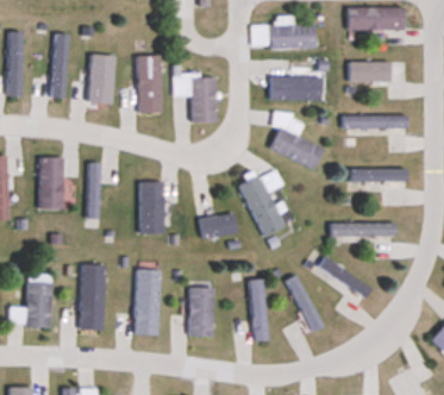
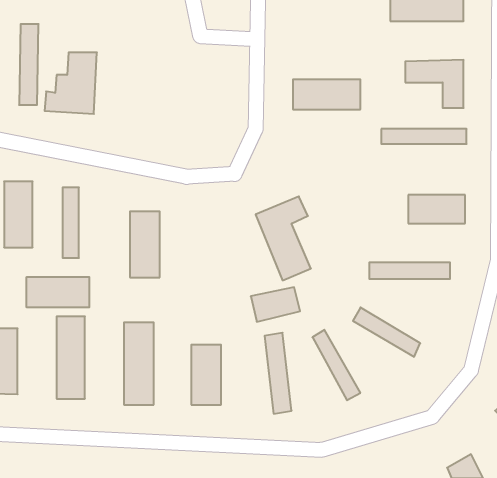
building: [270,24,314,49] -> none
building: [138,56,161,114] -> none
building: [175,76,217,123] -> none
building: [269,111,324,170] -> none
building: [199,213,238,240] -> [251,287,300,322]
building: none -> [27,277,89,307]

